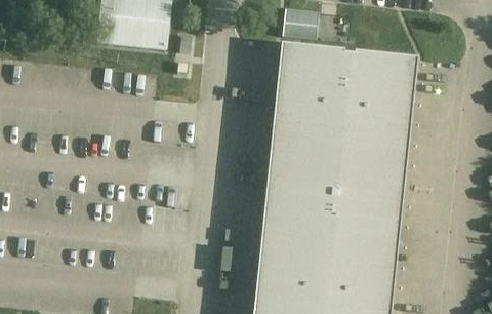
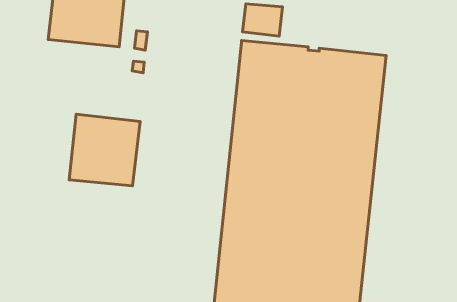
building: none -> [69,114,140,186]

